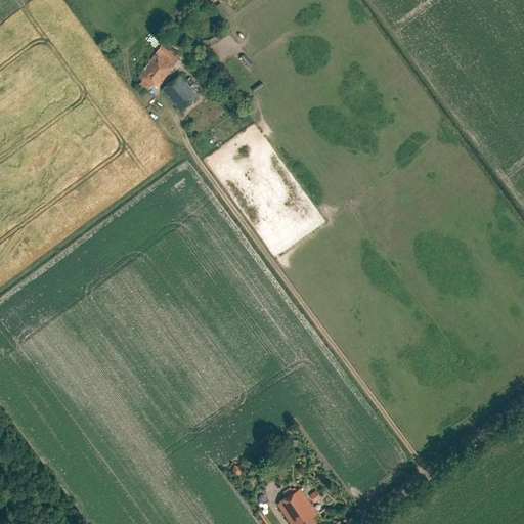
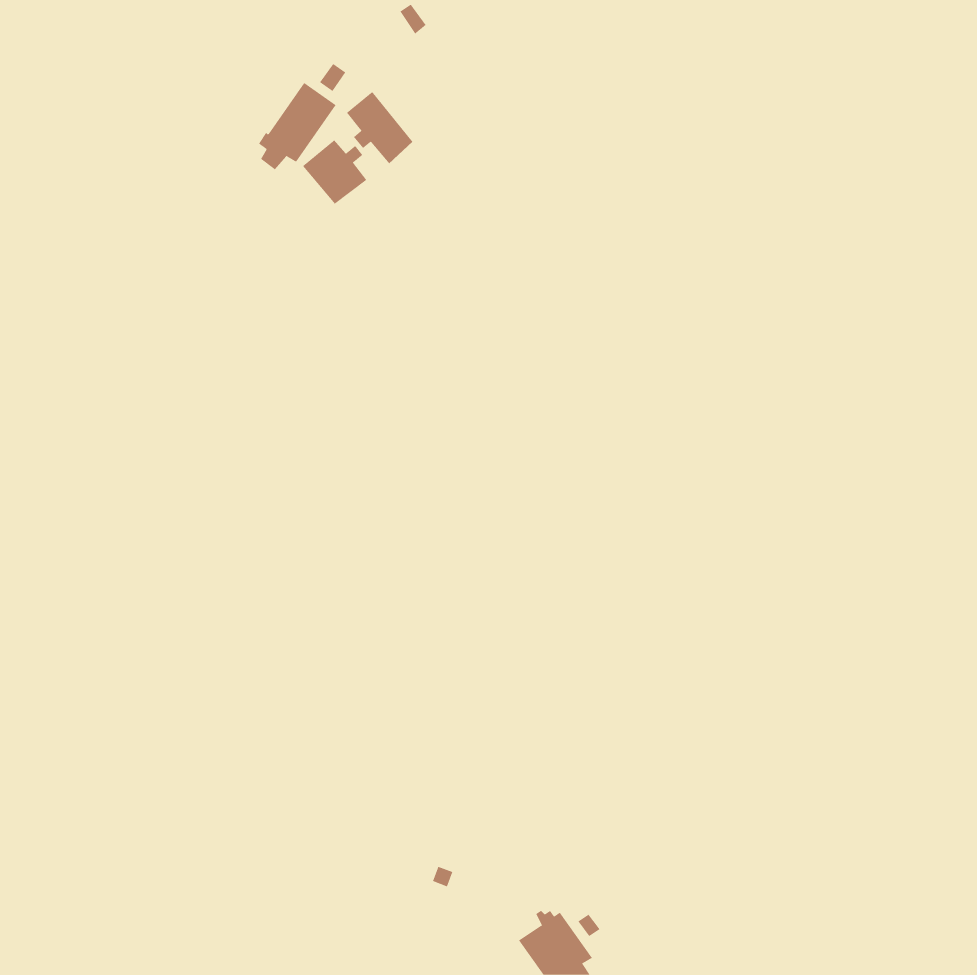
building: none -> [346,91,413,164]

